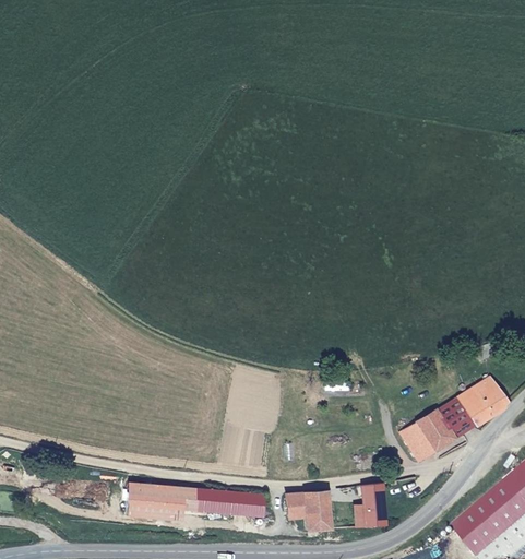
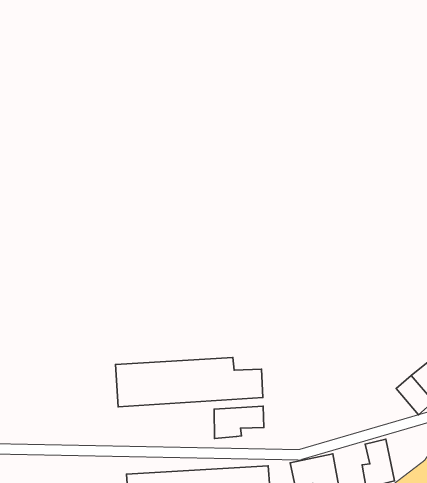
building: none -> [116,357,263,407]
building: none -> [214,406,264,438]

